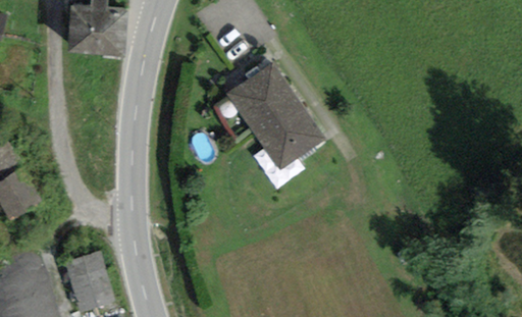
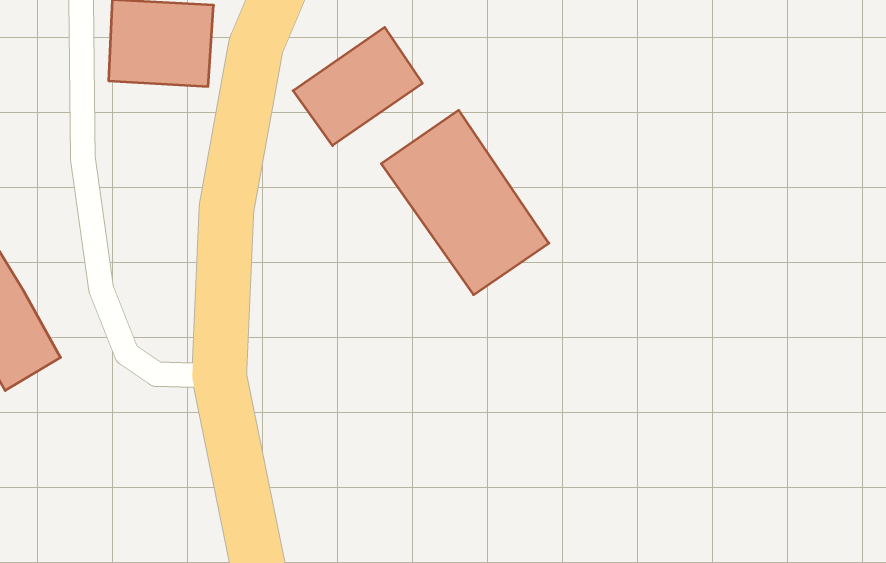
building: none -> [293,27,422,146]
building: [67,252,114,311] -> none

